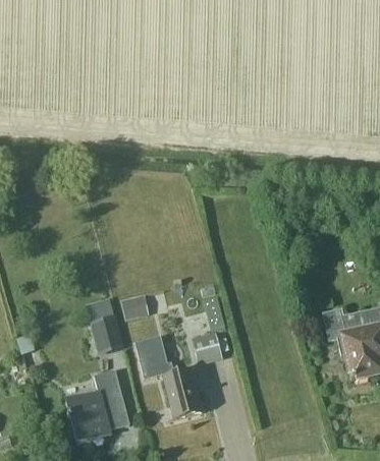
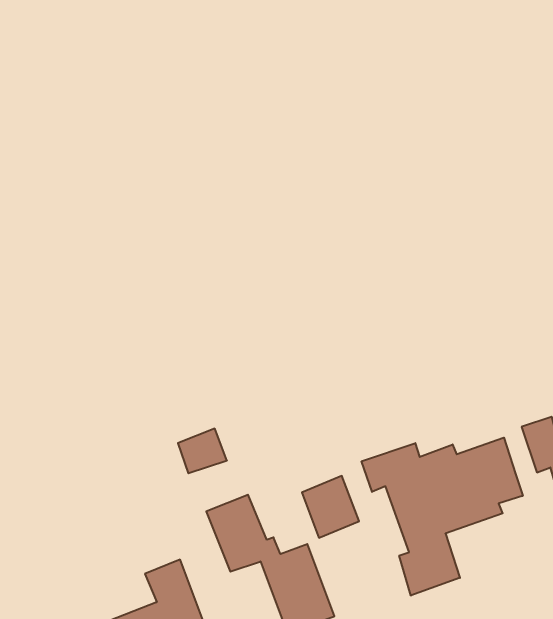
building: [85,296,122,353] -> none
building: none -> [362,438,523,596]

